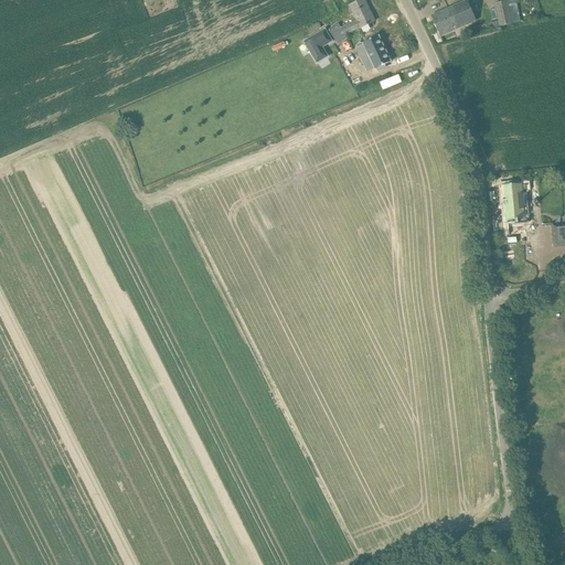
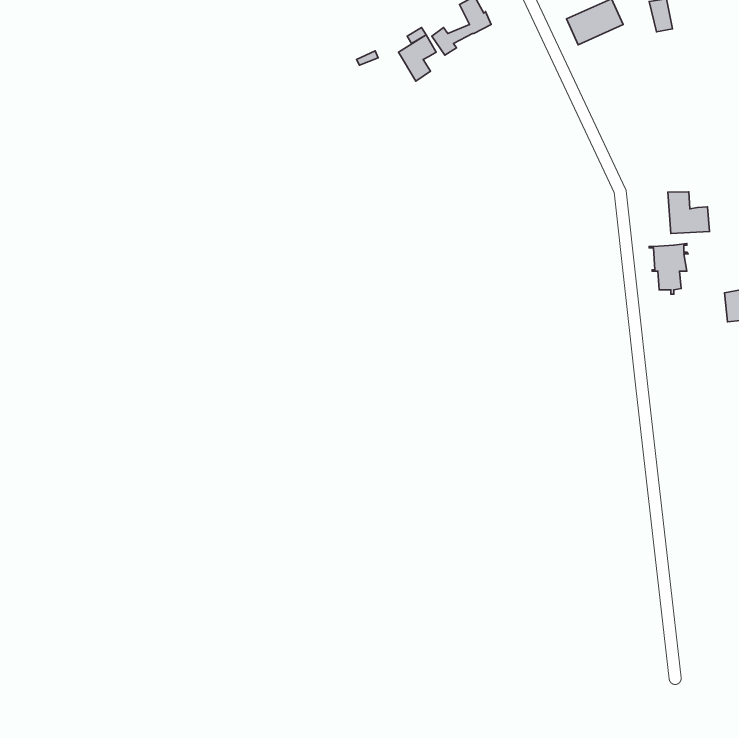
building: [358,34,385,67] -> none
building: none -> [668,192,710,234]

